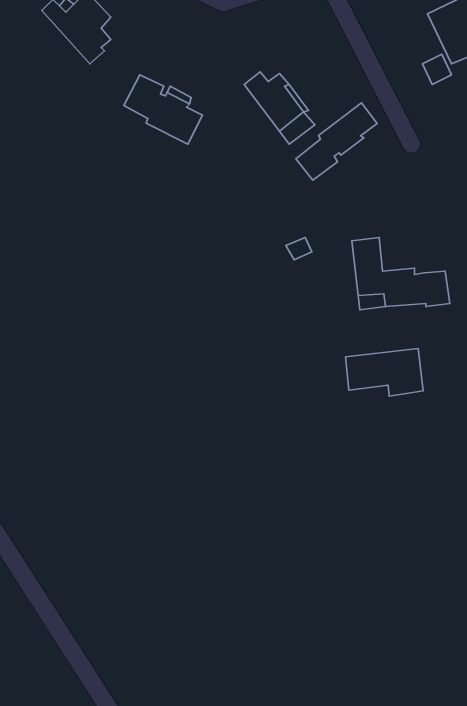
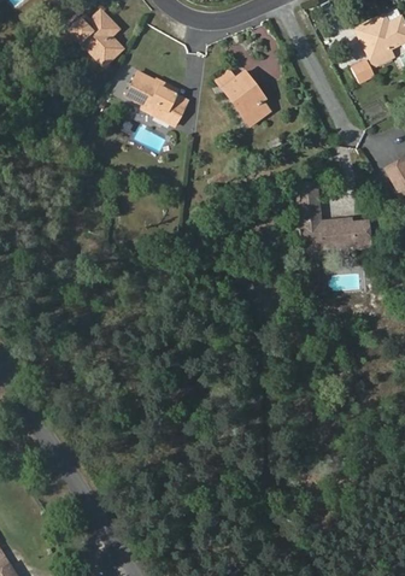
building: [296,103,377,180] -> none
building: [345,348,423,396] -> none

